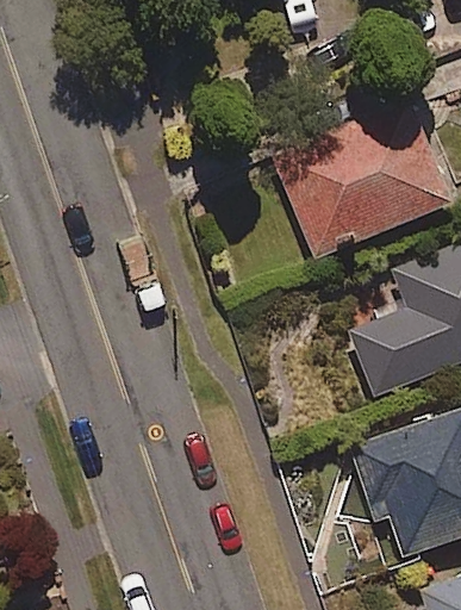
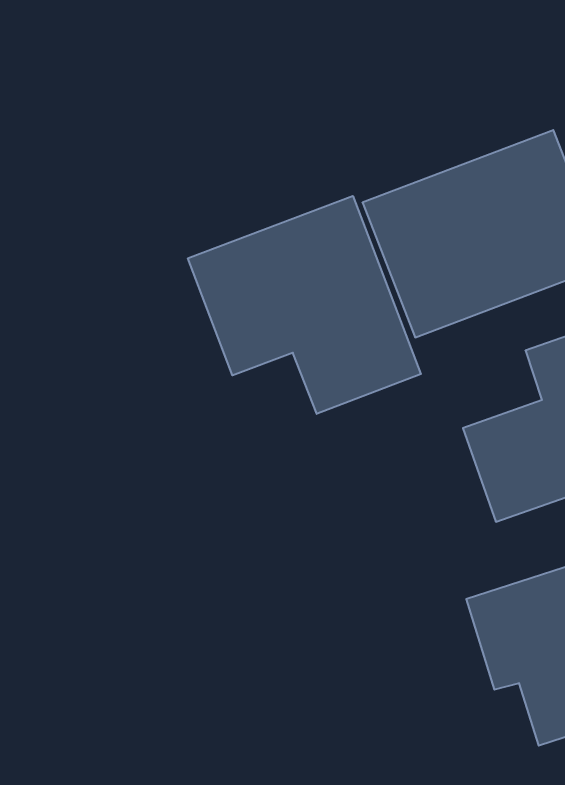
building: none -> [188,196,421,414]

